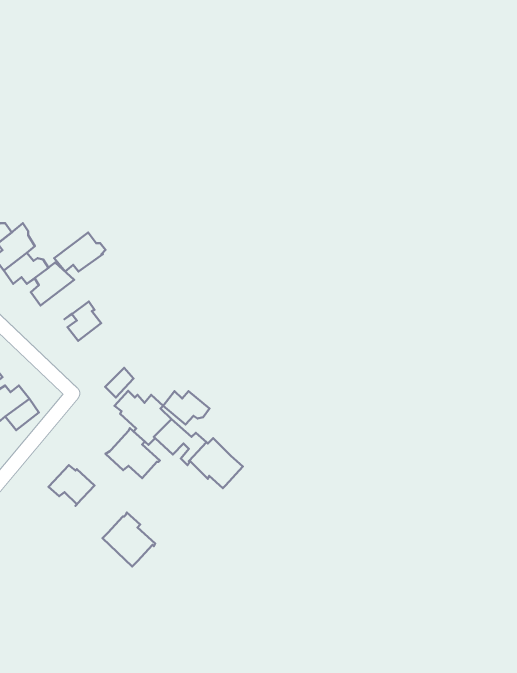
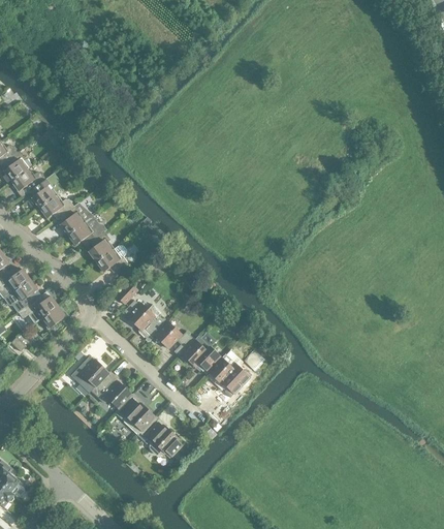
building: [54,232,106,272] -> [66,215,105,245]
building: none -> [95,245,126,272]
building: [163,391,210,424] -> none
building: [106,428,160,478] -> [90,370,131,408]
building: none -> [208,354,251,398]
building: none -> [136,415,181,456]

